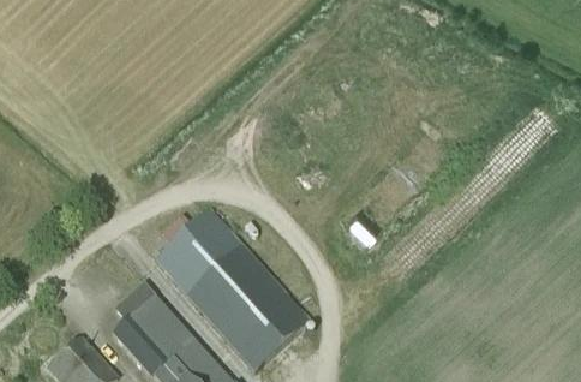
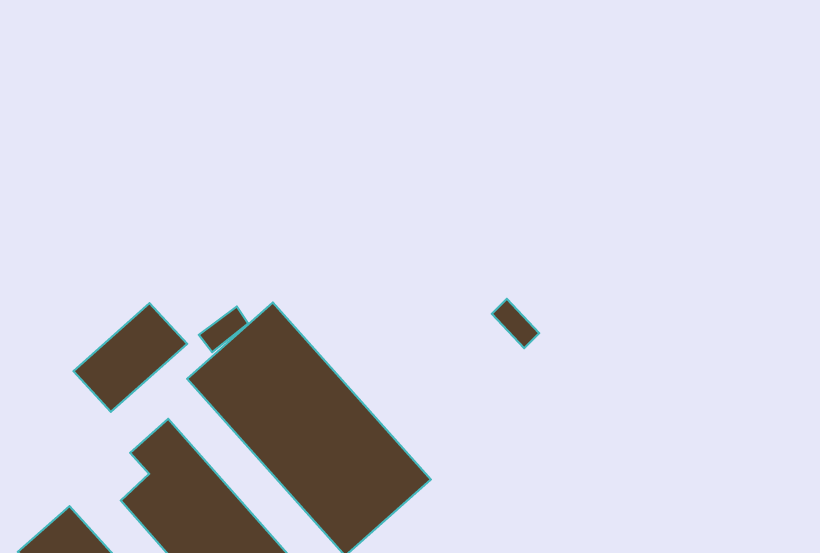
building: none -> [73,303,187,412]

